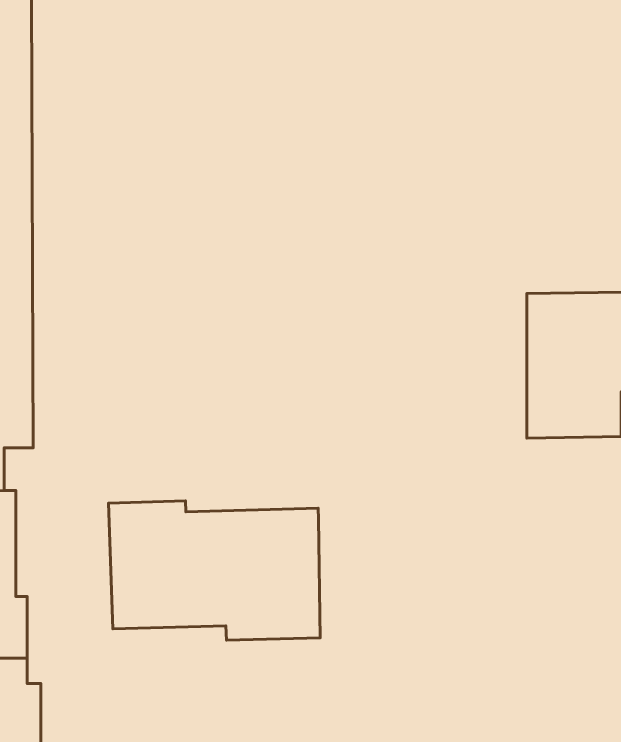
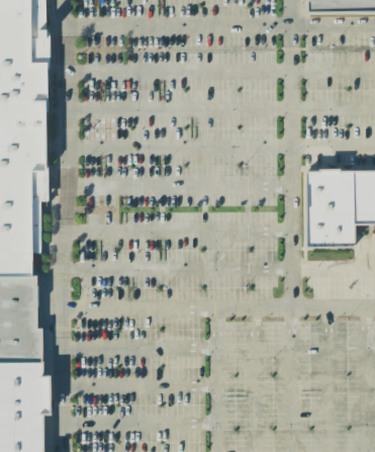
building: [108,501,320,640] -> none

